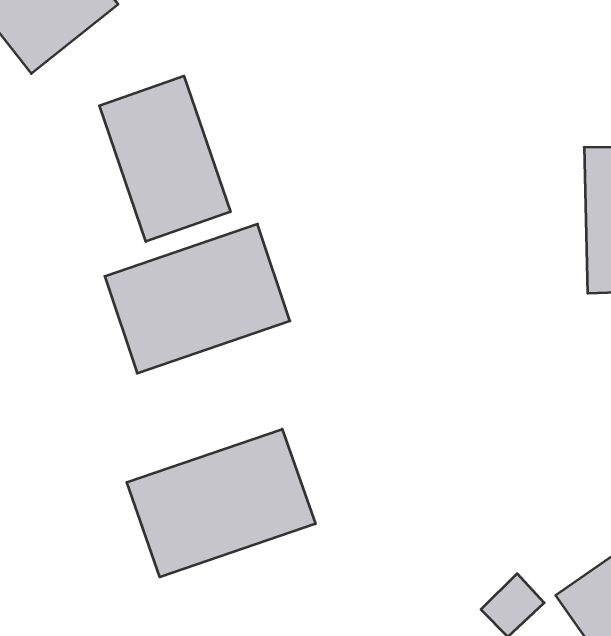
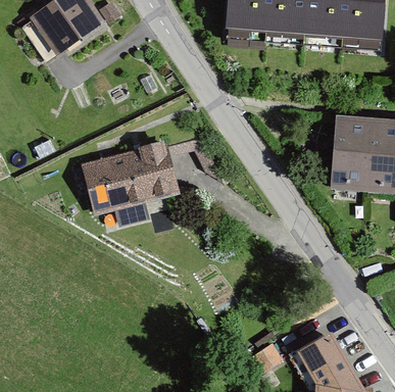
building: [99,76,230,242] -> none
building: [127,429,315,577] -> none

